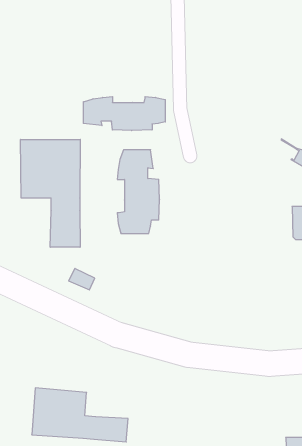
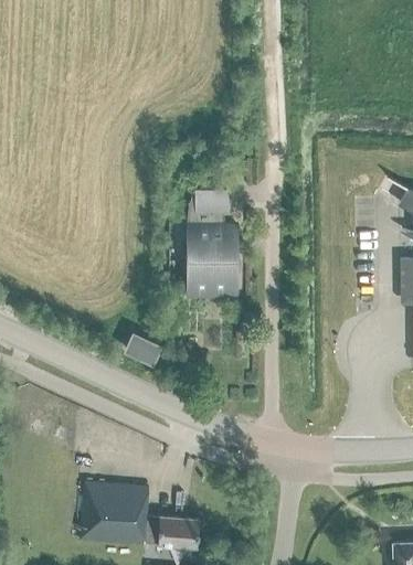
building: [83,97,165,131] -> none
building: [21,139,80,247] -> none

